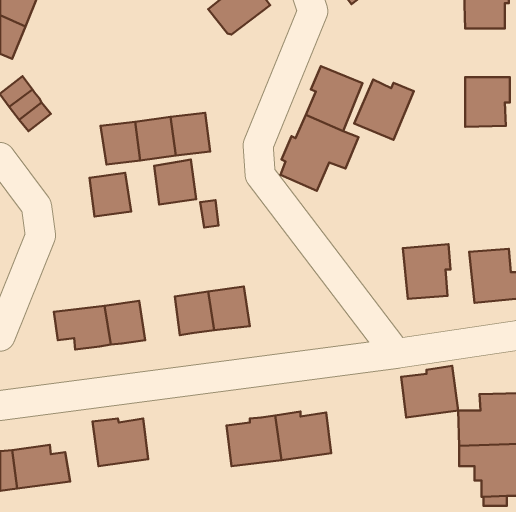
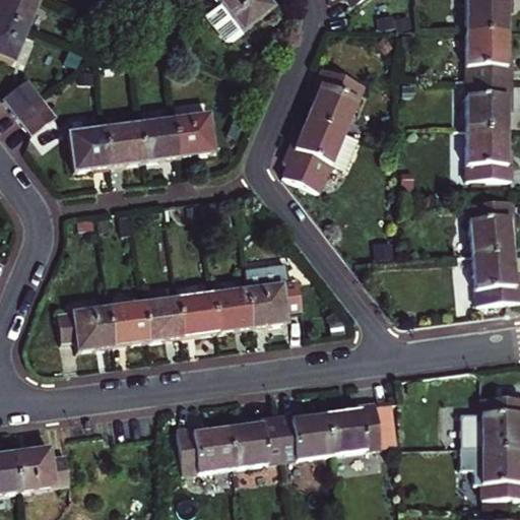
building: none -> [468,28,513,77]
building: [354,80,414,140] -> none
building: none -> [468,126,513,178]
building: [154,160,196,204] -> none
building: [89,173,131,217] -> [68,126,110,170]
building: [403,244,451,299] -> [467,197,515,252]
building: none -> [245,262,301,326]
building: none -> [142,297,183,340]
building: [401,366,458,418] -> [329,401,386,453]
building: [92,418,148,466] -> [179,426,235,473]

